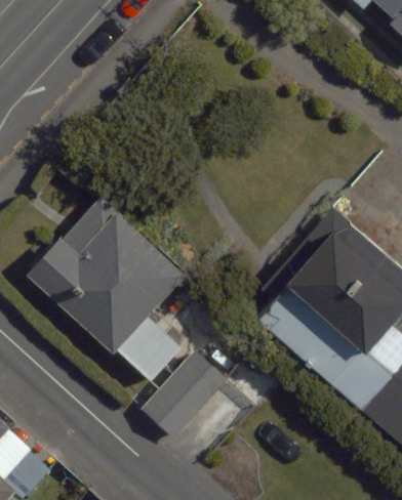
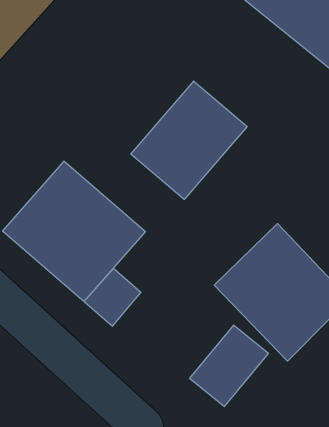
building: none -> [131,81,247,199]
building: [149,339,237,430] -> [190,325,268,407]

